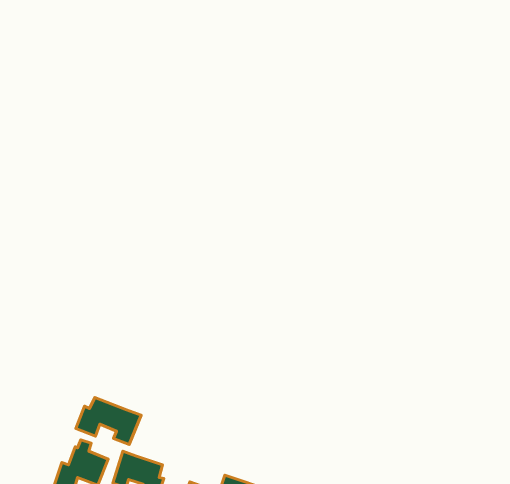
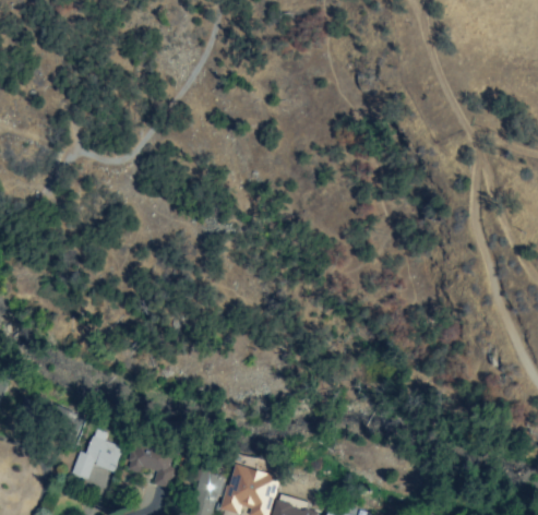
building: [76,397,141,445] -> none

